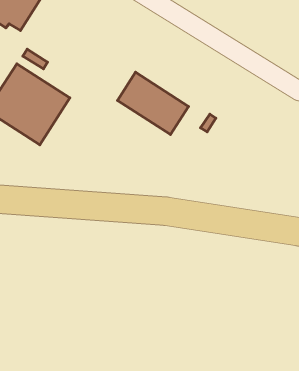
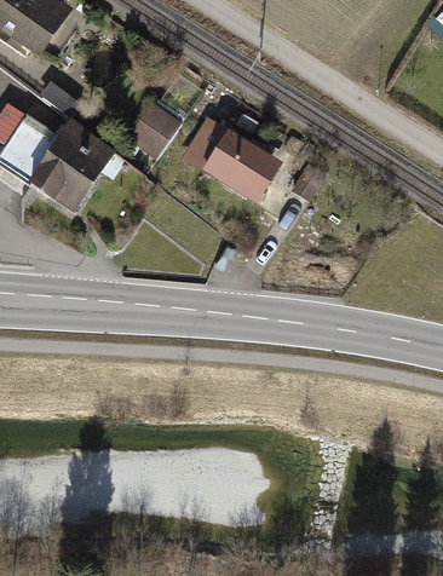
building: none -> [125,100,180,155]

